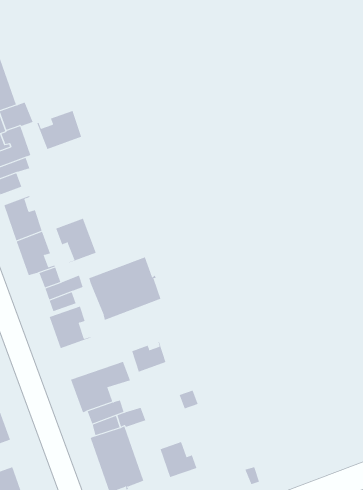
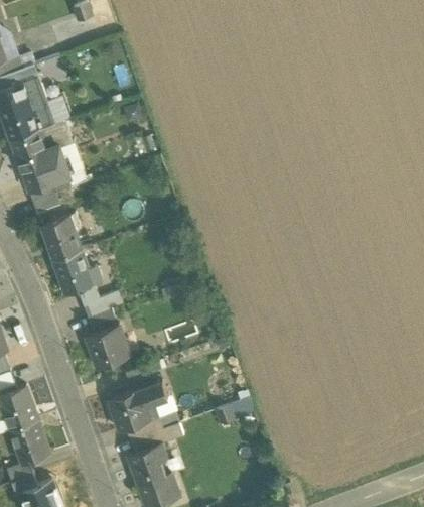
building: [37,110,82,150] -> none
building: [55,218,96,264] -> none
building: [88,257,161,320] -> none
building: [132,341,166,372] -> none
building: [160,439,197,478] -> none

